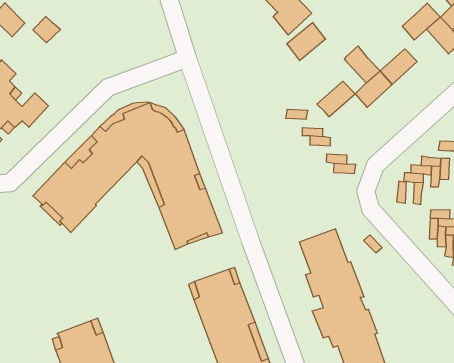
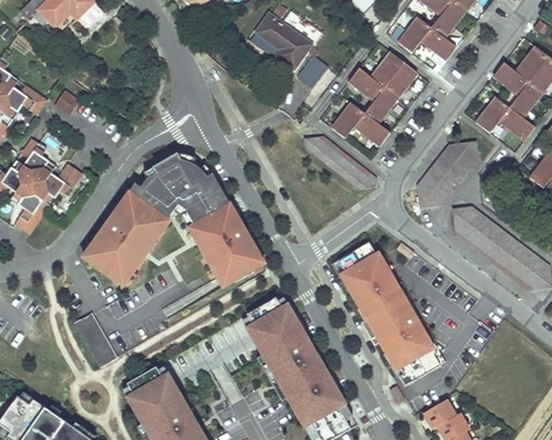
building: none -> [370,52,403,87]
building: none -> [353,113,389,145]
building: none -> [73,313,115,366]

